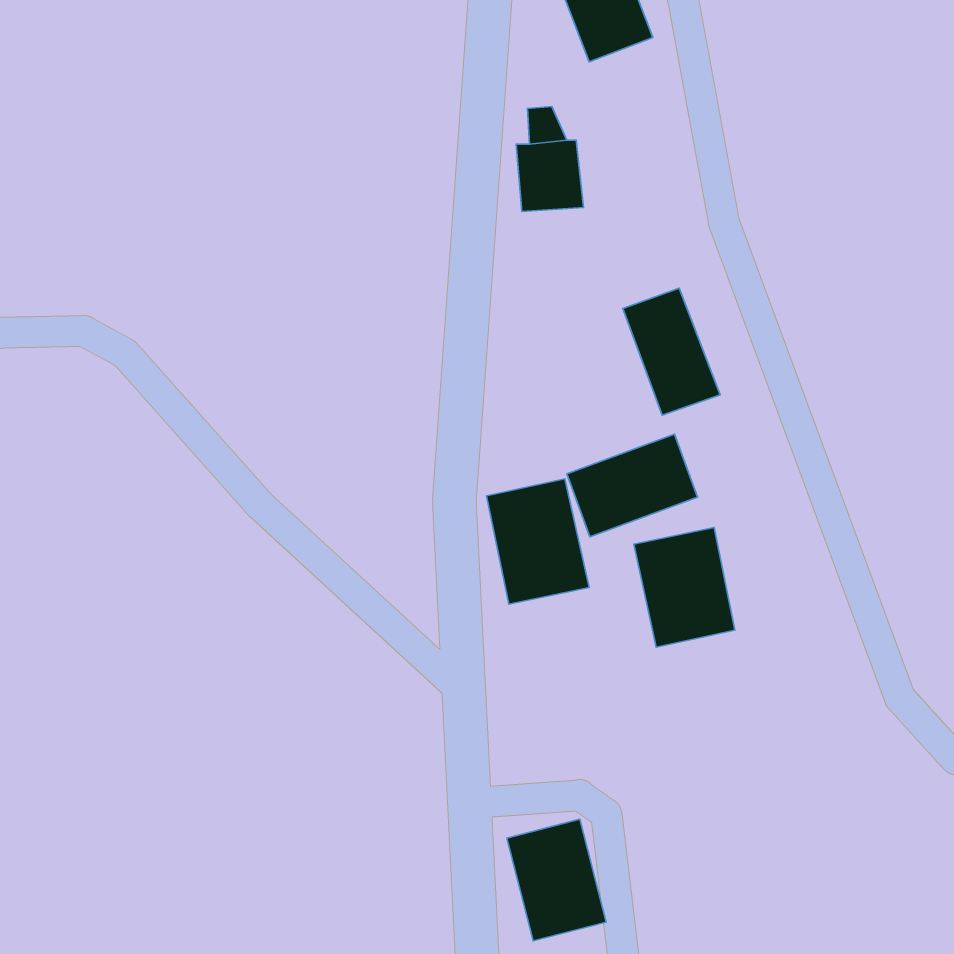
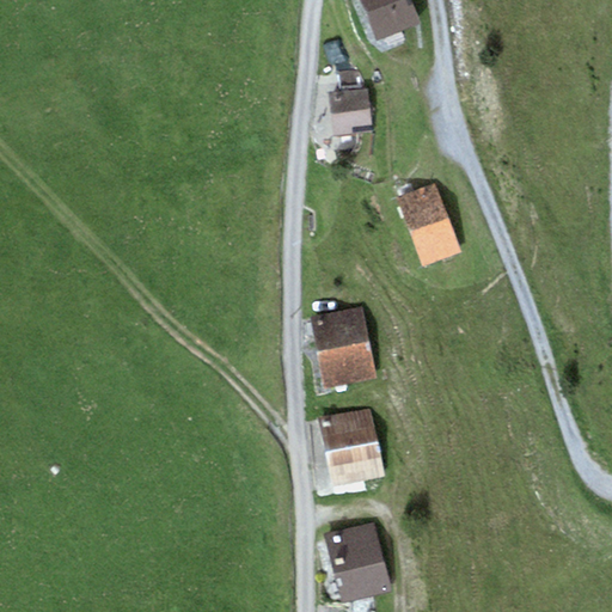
building: [567,434,697,537] -> none
building: [634,527,735,647] -> [318,409,382,485]

